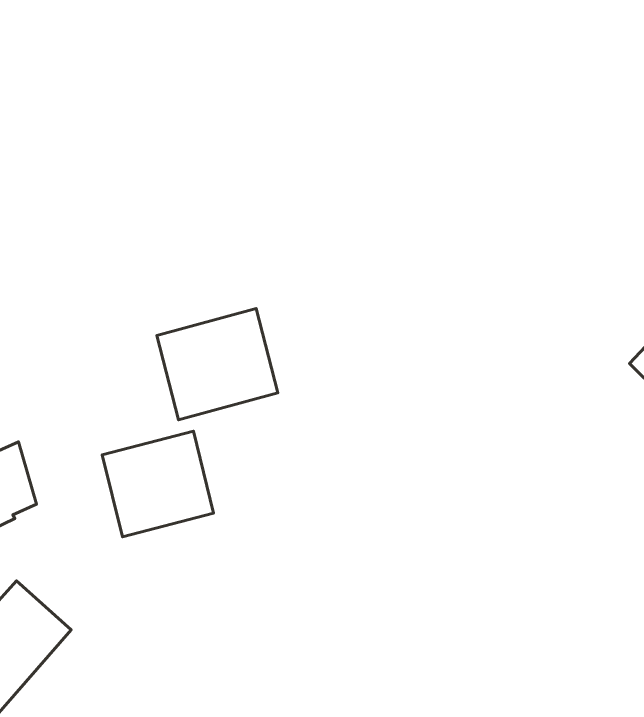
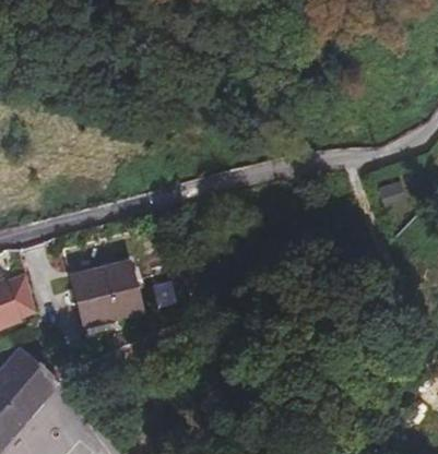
building: [157,309,278,420] -> none

